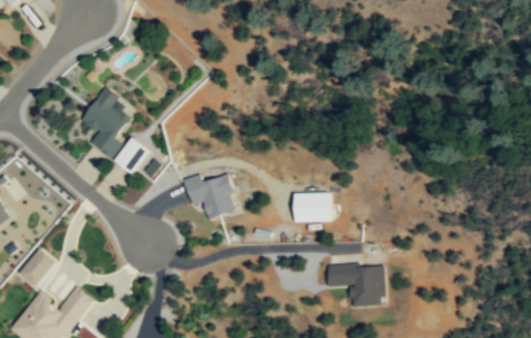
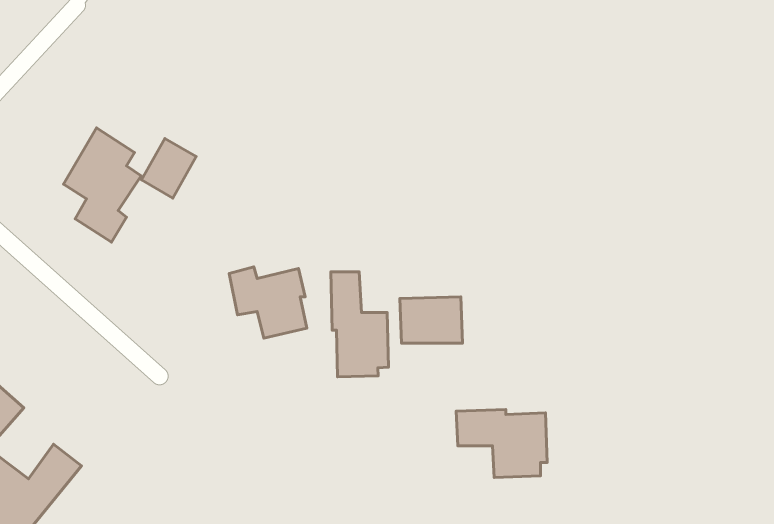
building: [115,137,149,174] -> [142,138,196,198]
building: none -> [331,272,389,377]

